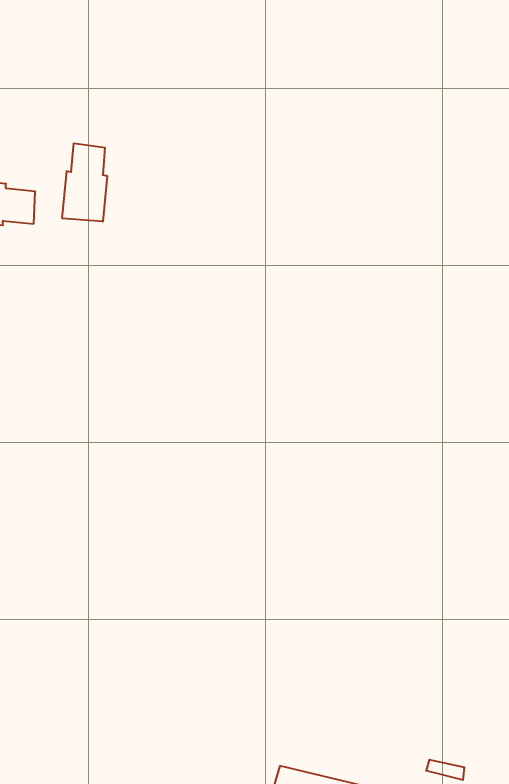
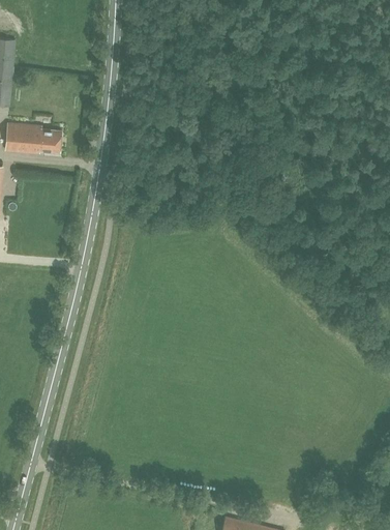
building: [62,143,107,222] -> none

